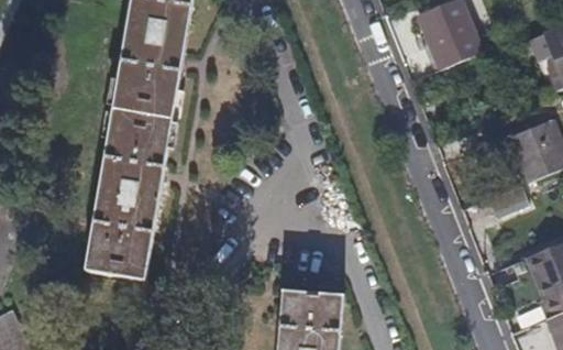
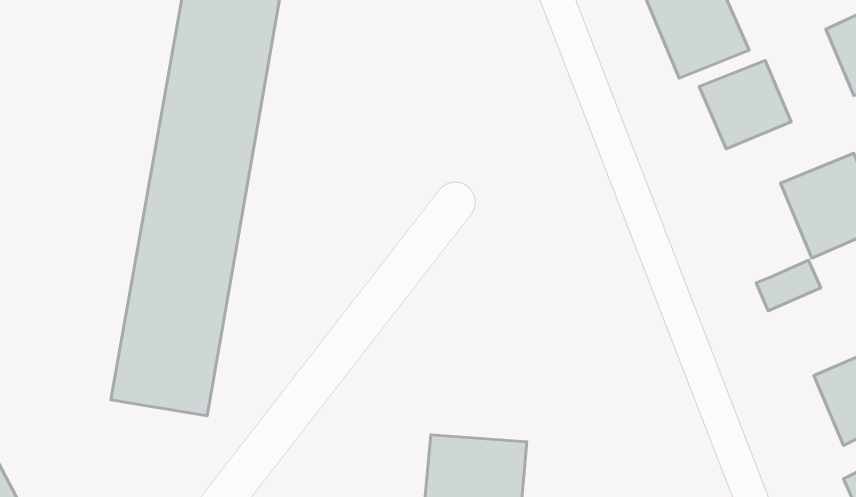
building: none -> [699,61,791,149]

